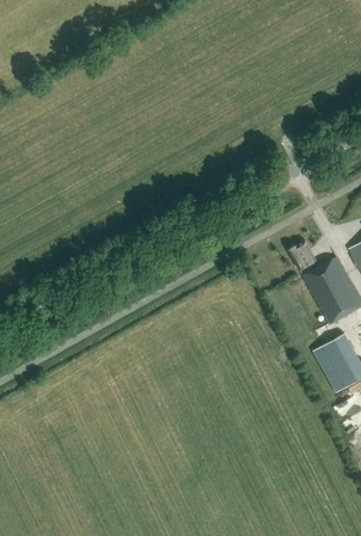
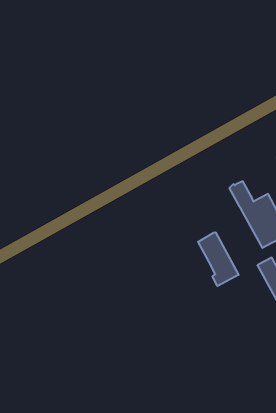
building: none -> [198,232,239,286]

